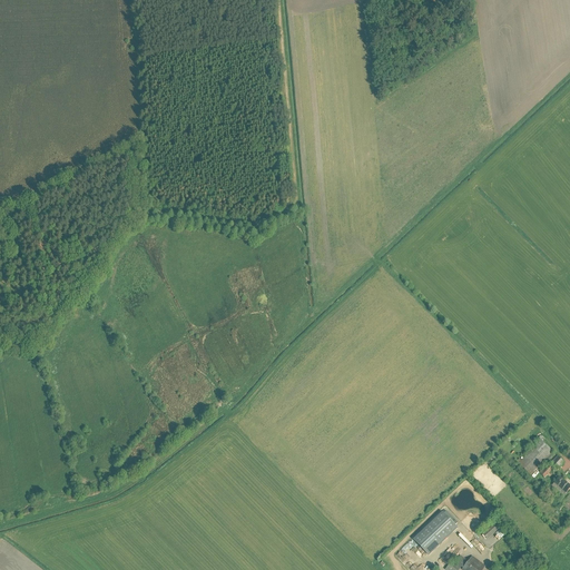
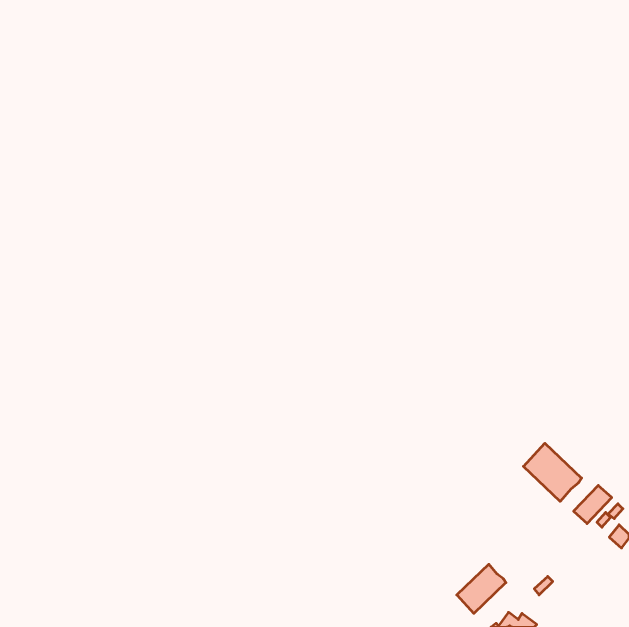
building: none -> [523,443,582,501]

